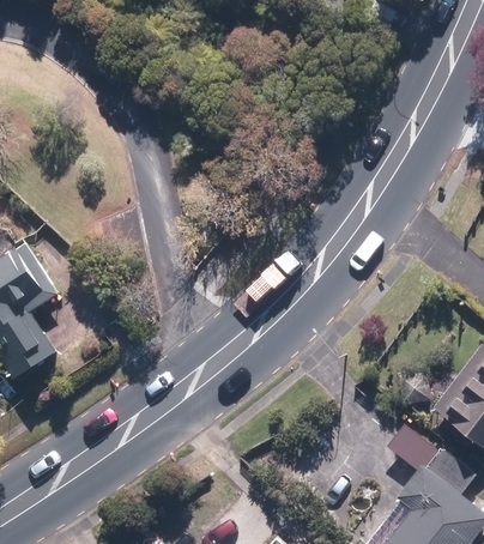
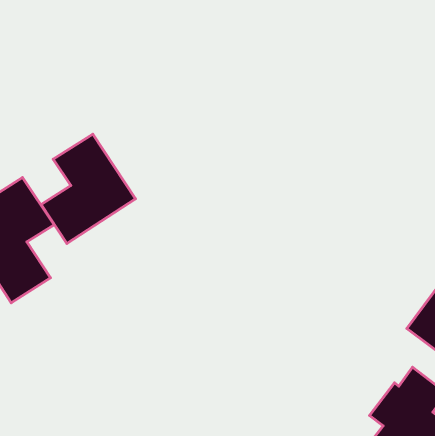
building: none -> [41,134,136,243]

